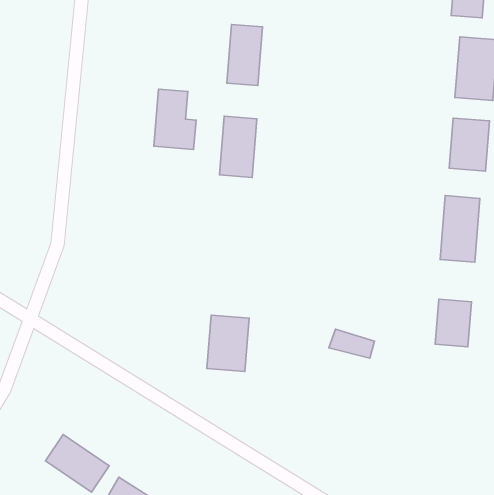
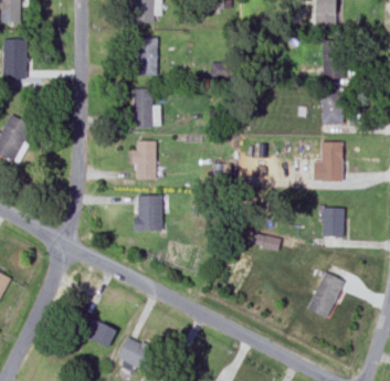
building: [227,24,262,86] -> [137,38,157,75]
building: [219,116,257,178] -> [134,140,155,178]
building: [207,315,249,372] -> [136,195,160,230]
building: none -> [307,272,344,318]

